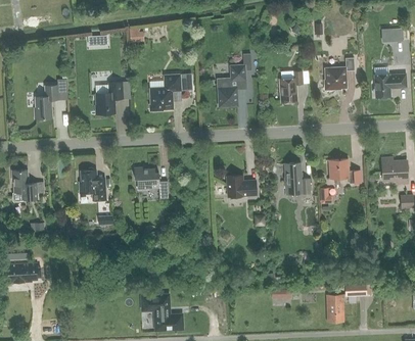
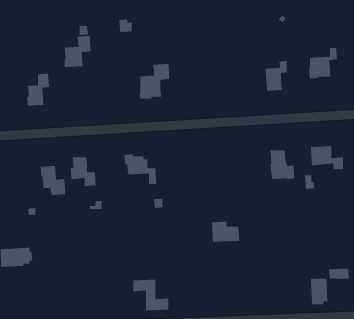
building: [219,54,251,106] -> none
building: [95,82,124,114] -> [64,36,92,67]
building: [11,169,38,200] -> [40,166,66,195]
building: [227,176,257,197] -> [211,221,240,242]

